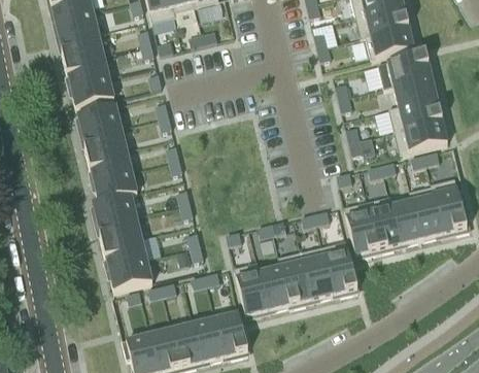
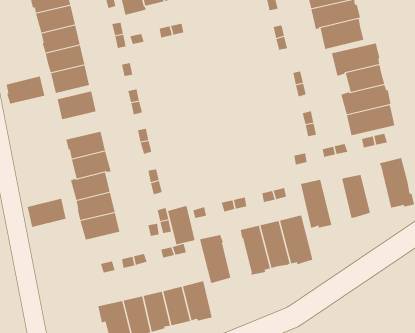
building: [83,128,127,159] -> [6,76,45,104]
building: [409,186,443,239] -> none
building: [367,197,400,252] -> none
building: [109,260,152,292] -> [27,198,66,227]
building: [260,267,290,310] -> [167,206,196,245]

